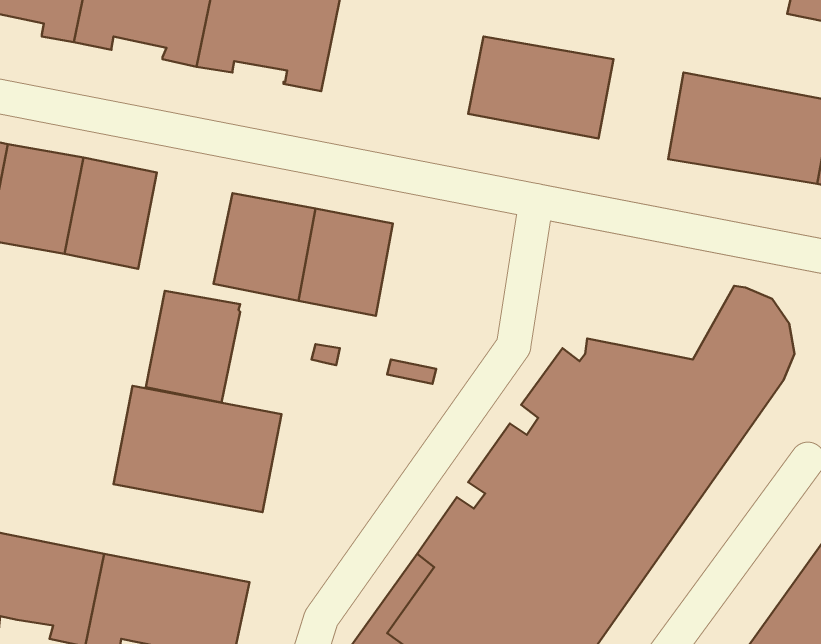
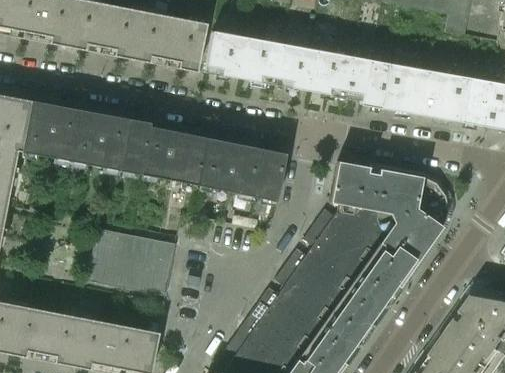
building: none -> [204,30,283,84]
building: none -> [344,55,389,108]
building: none -> [226,142,285,201]
building: none -> [330,160,416,214]
building: [146,291,240,402] -> [100,115,150,174]

